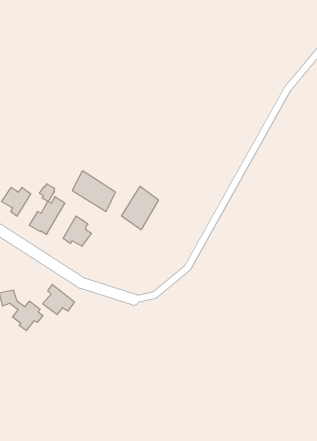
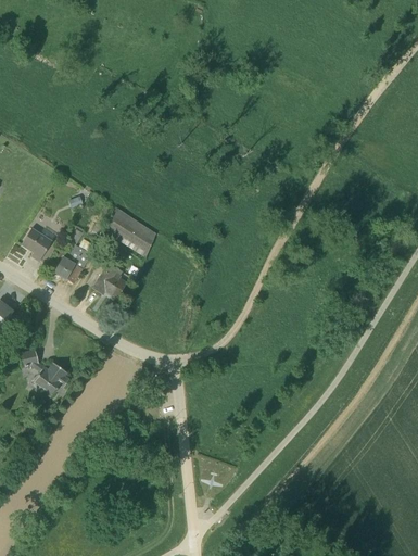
building: [122,186,158,230] -> none
building: [43,284,74,315] -> none

